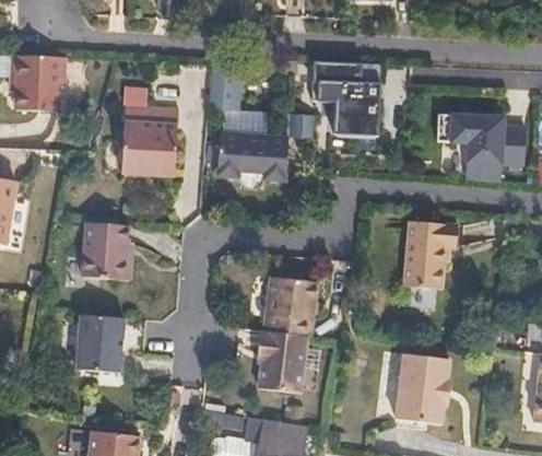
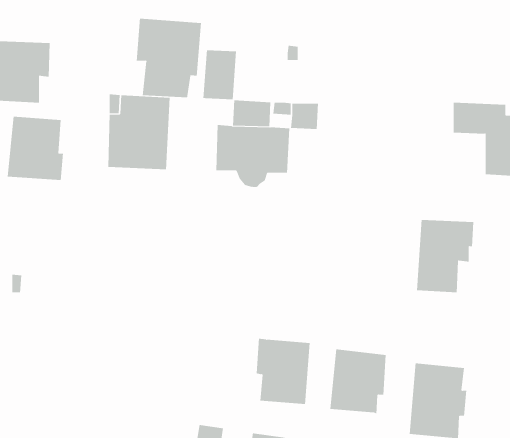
building: none -> [136,18,201,98]
building: [313,60,379,133] -> none
building: [81,222,133,281] -> [7,116,64,180]
building: [266,274,318,335] -> [330,349,387,414]
building: [78,315,126,373] -> none

